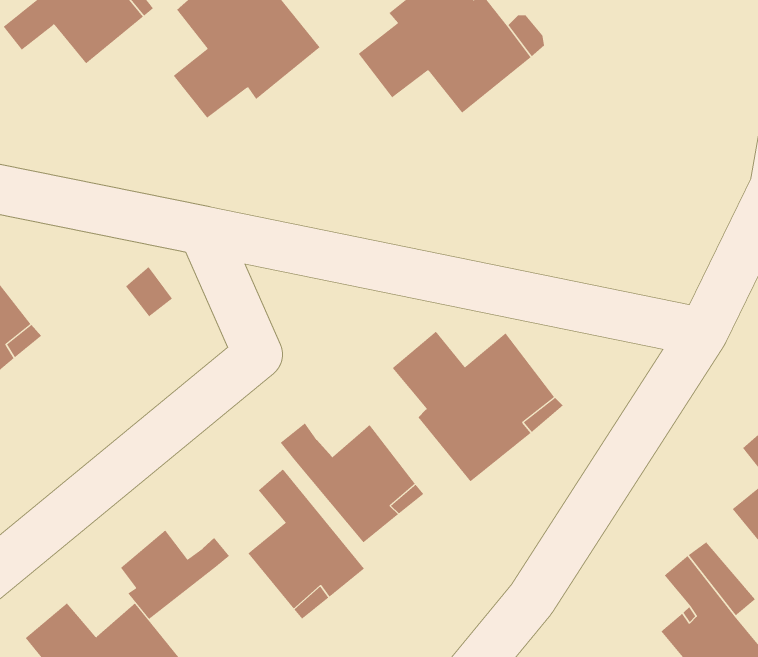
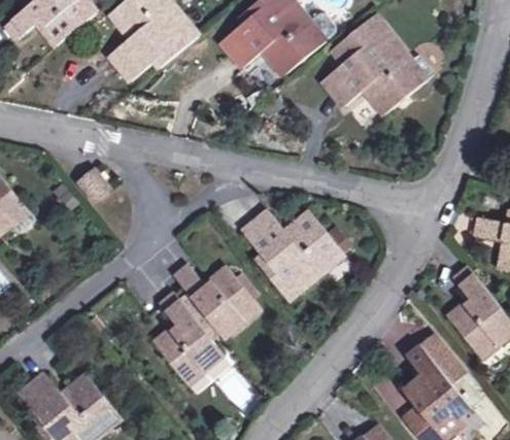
building: none -> [321,14,435,114]
building: [120,529,230,620] -> none

